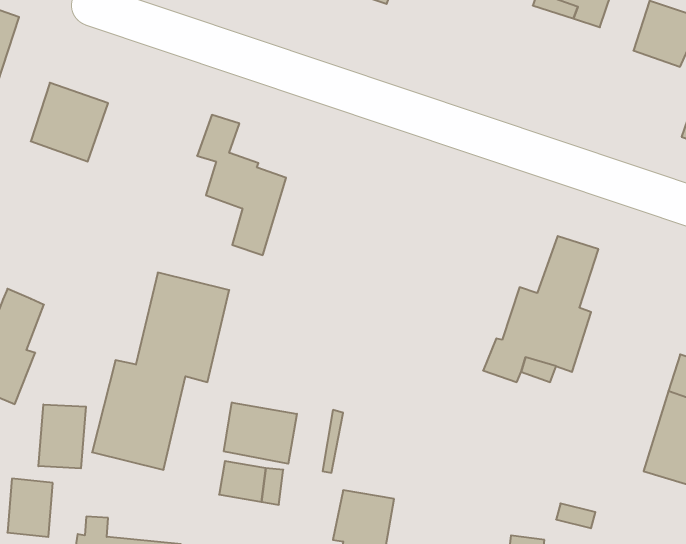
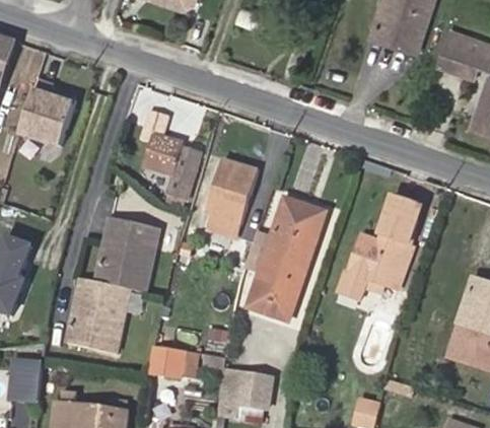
building: none -> [205,157,258,237]
building: none -> [247,197,326,320]
building: [224,402,297,464] -> none
building: [38,404,86,468] -> none

